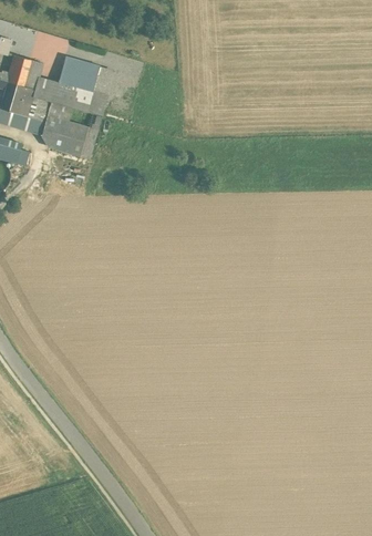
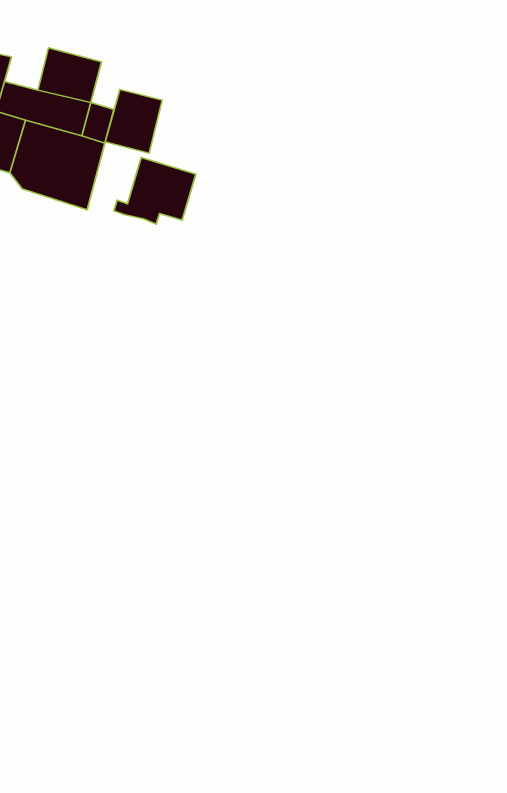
building: none -> [105,90,162,153]
building: none -> [114,158,196,224]

